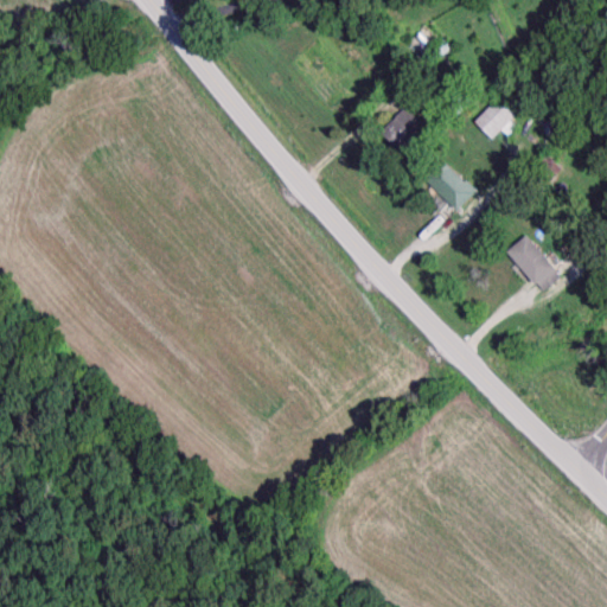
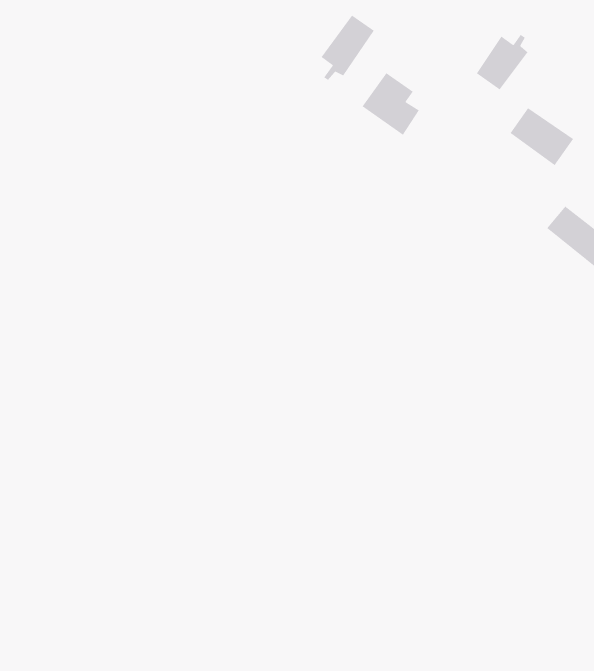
building: none -> [320,14,375,81]
building: [424,160,474,210] -> [510,107,574,166]

